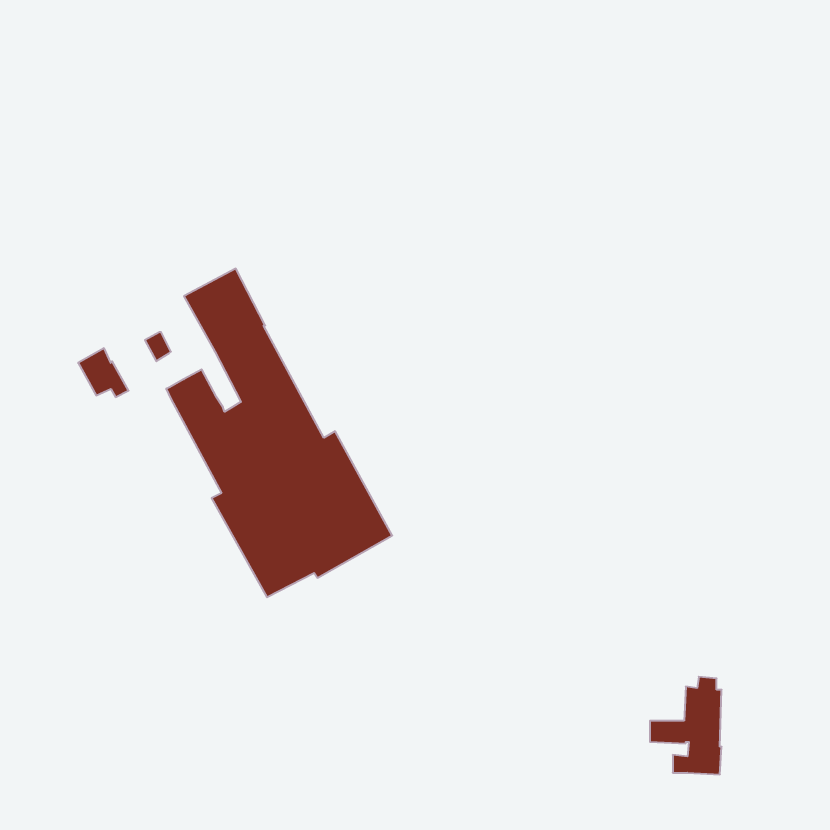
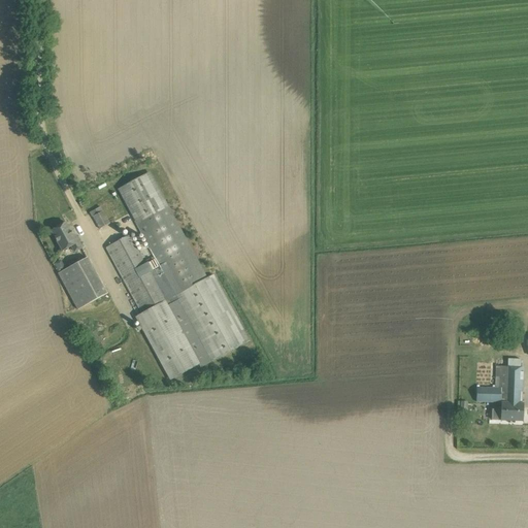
building: none -> [53,257,106,308]
building: [650,677,722,774] -> [476,359,522,421]

